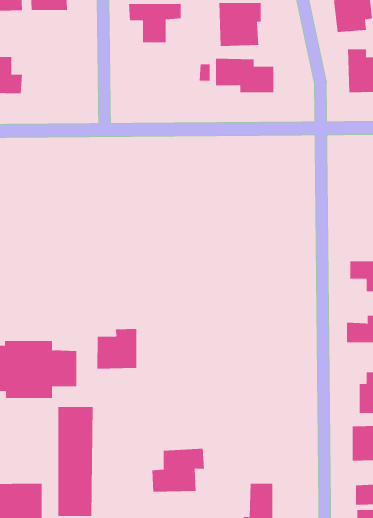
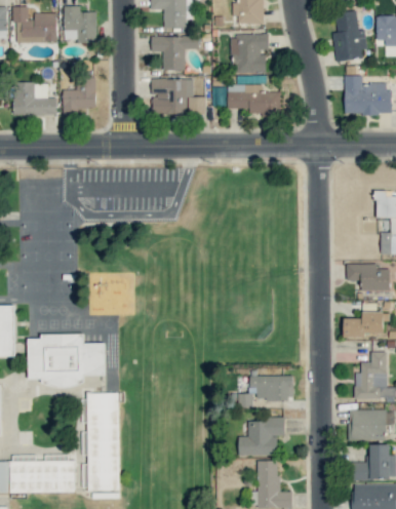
building: none -> [63,78,96,115]
building: none -> [152,79,206,115]
building: [97,328,137,369] -> none
building: none -> [249,376,293,400]
building: [151,448,205,492] -> [238,418,285,457]

